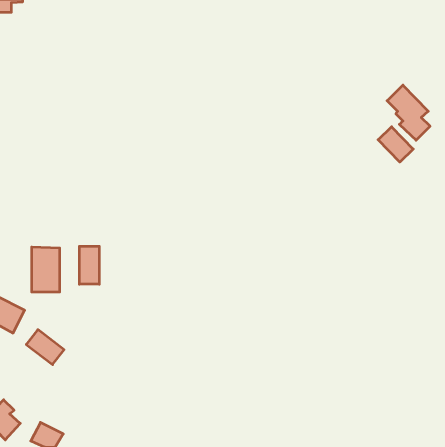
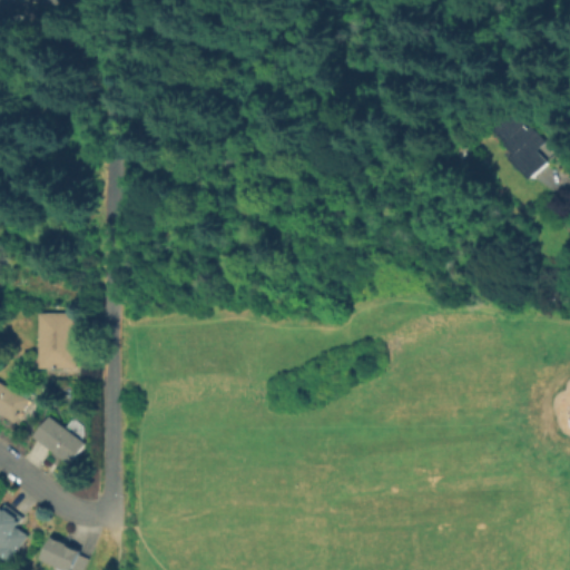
building: [378,127,413,162] -> none
building: [79,246,99,284] -> none

